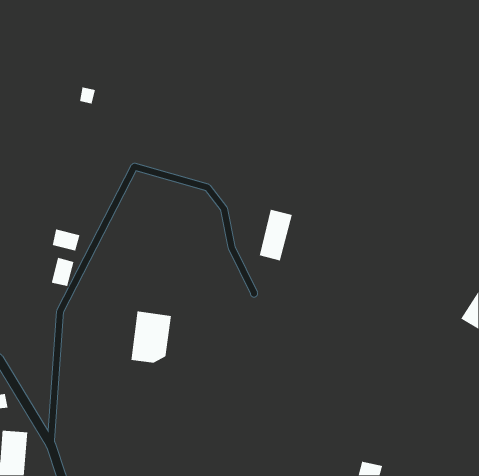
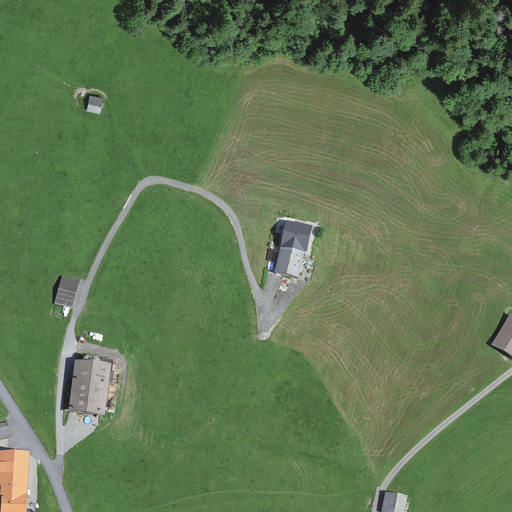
building: [52,229,81,251] -> none
building: [130,311,172,363] -> [69,358,113,414]

